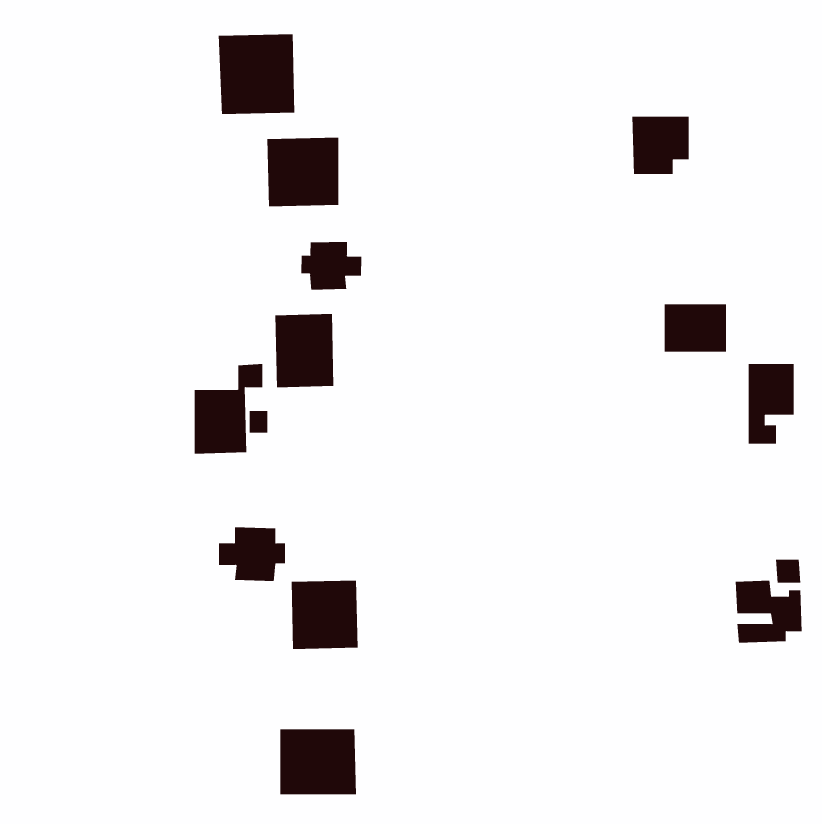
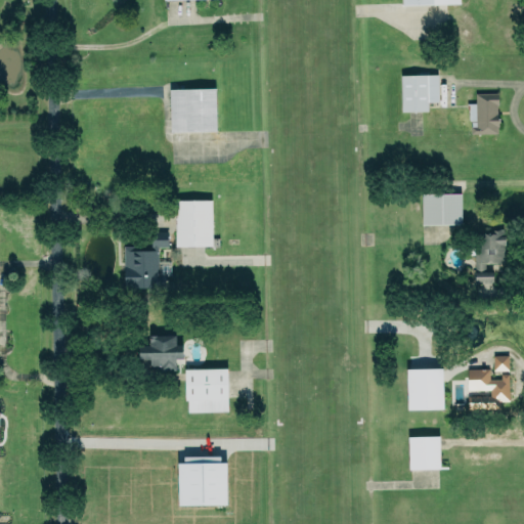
building: [218,34,295,115] -> none
building: none -> [471,93,498,134]
building: [301,241,362,290] -> none
building: none -> [408,368,444,409]
building: none -> [409,436,441,470]

